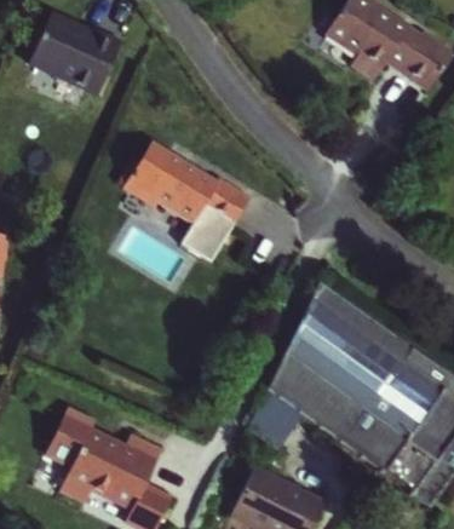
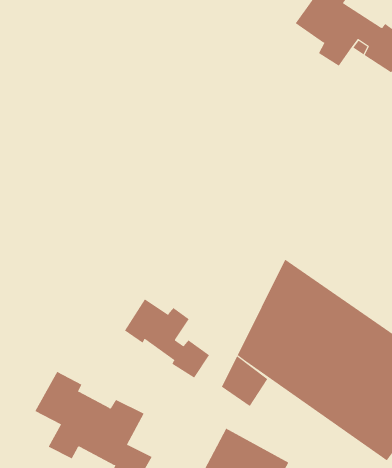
building: [28,15,121,93] -> none
building: [122,140,252,261] -> none
building: none -> [124,299,210,379]

